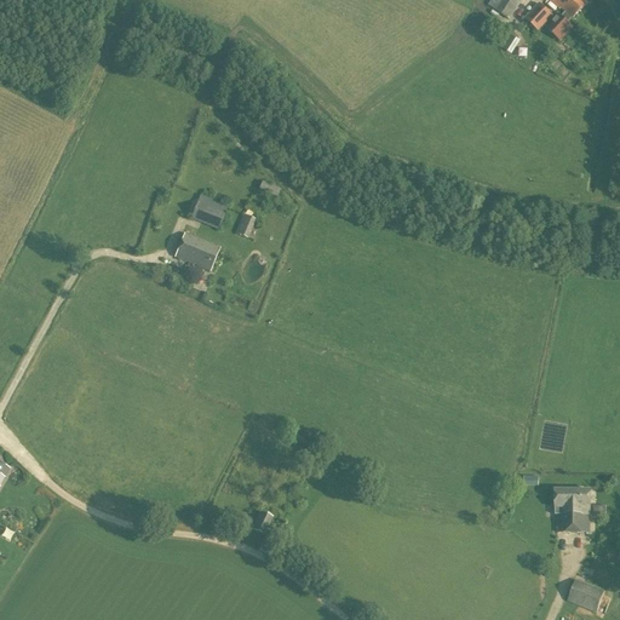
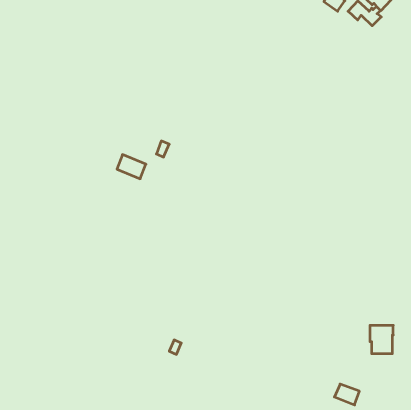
building: [190,194,226,228] -> none
building: [566,579,603,610] -> [334,384,359,405]

